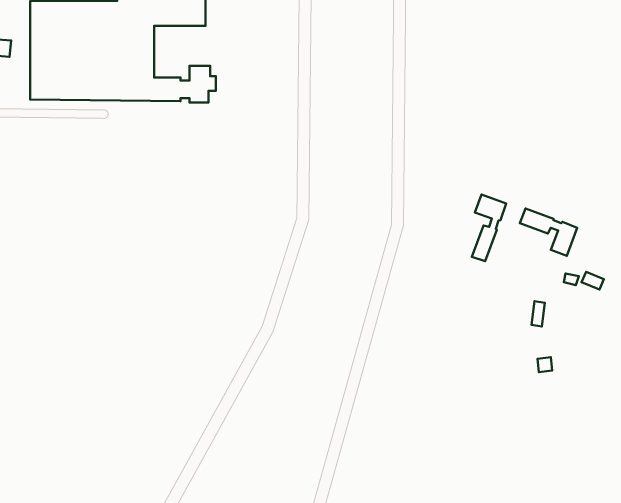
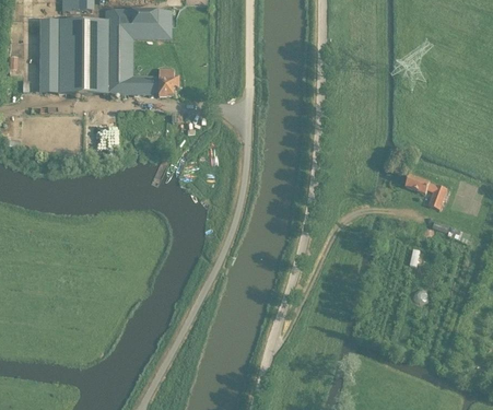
building: [472,194,506,261] -> none

